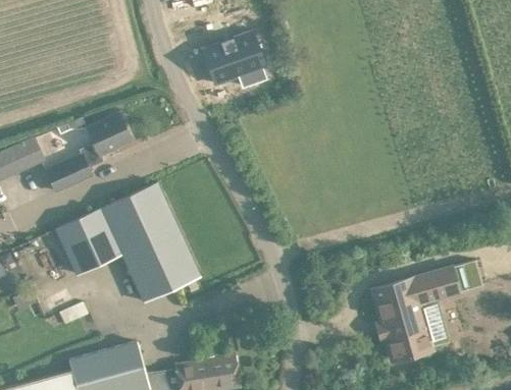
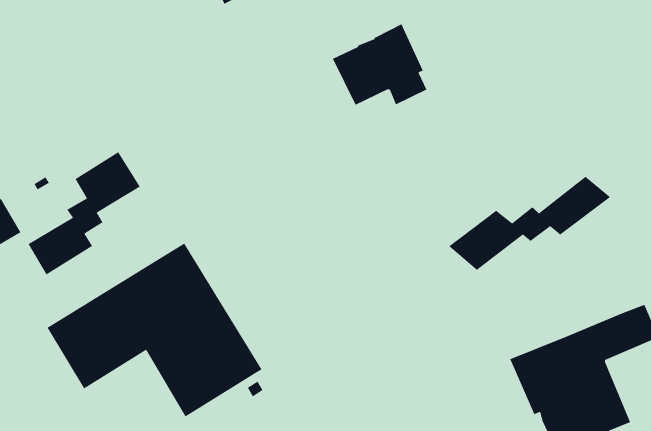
building: [201,33,264,89] -> [332,23,428,106]
building: none -> [448,176,611,271]

